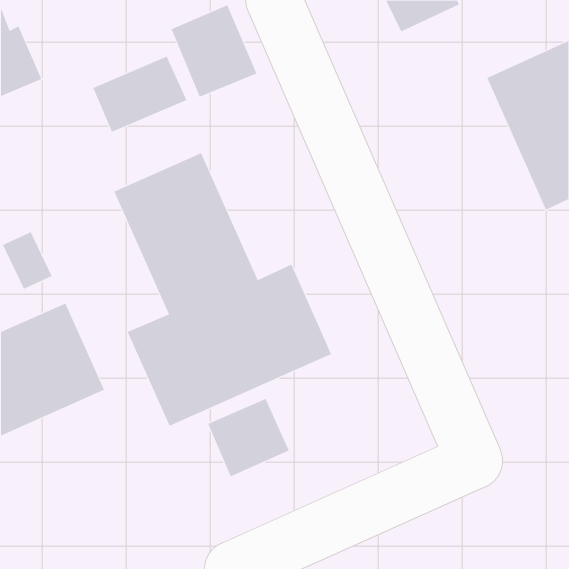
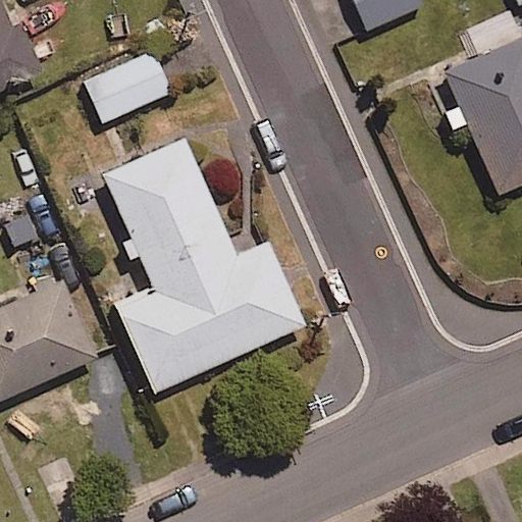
building: [171,5,257,98] -> none
building: [207,398,289,477] -> none

